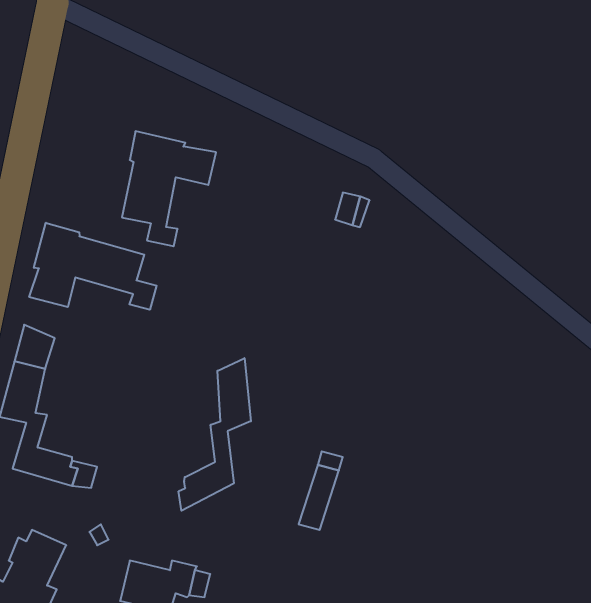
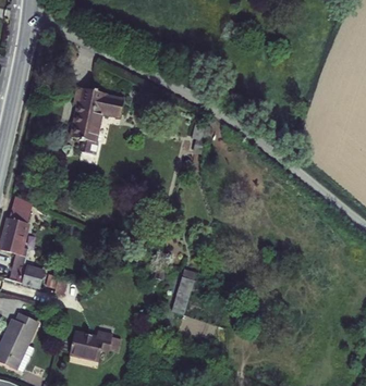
building: [29,223,157,310] -> none
building: [179,358,251,511] -> none

